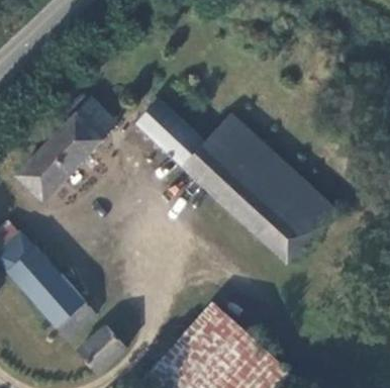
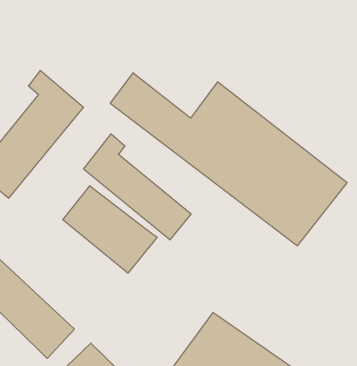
building: none -> [84,134,191,240]
building: none -> [63,186,157,273]

